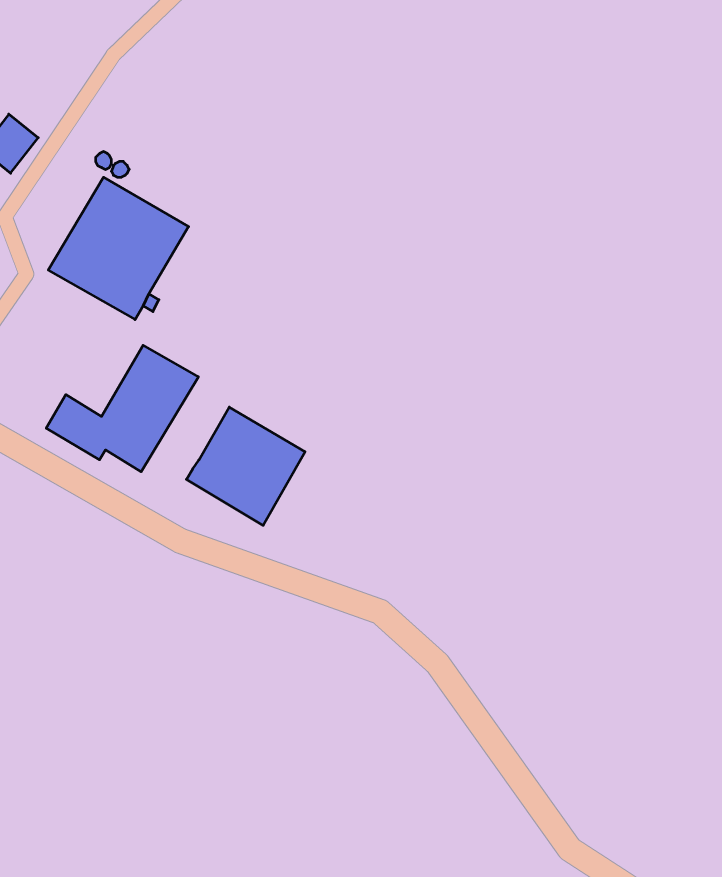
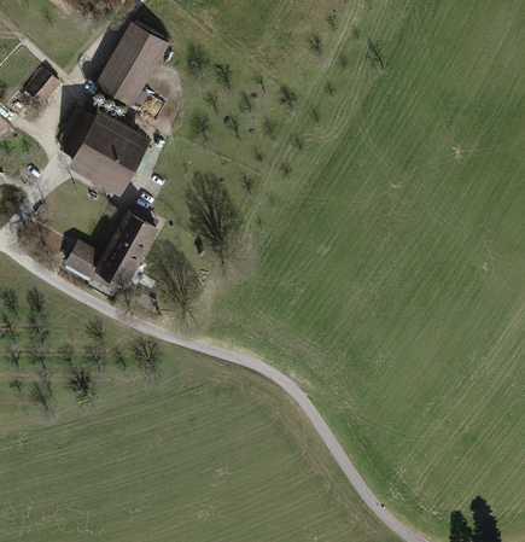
building: none -> [97,22,168,105]
building: [186,407,305,525] -> none

